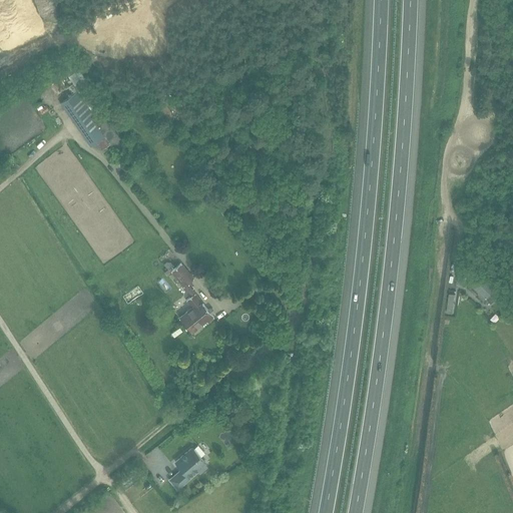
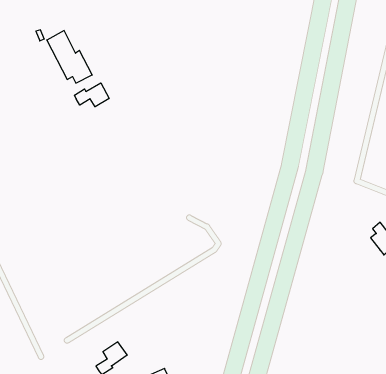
building: none -> [75,83,109,107]
building: [171,265,214,339] -> none

